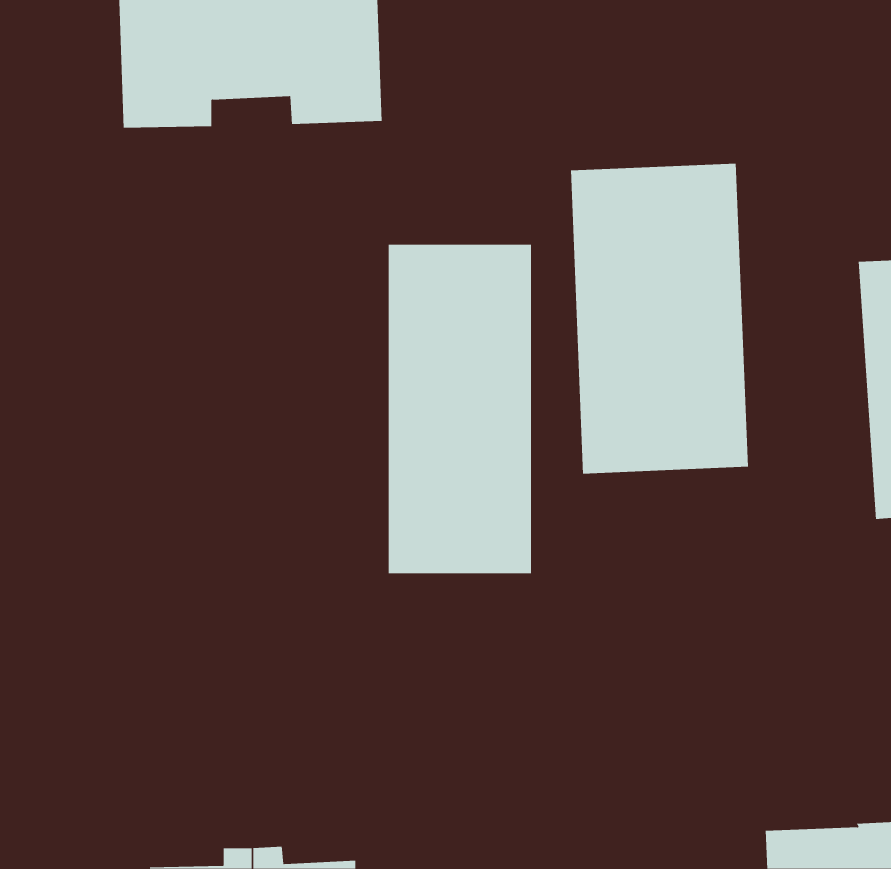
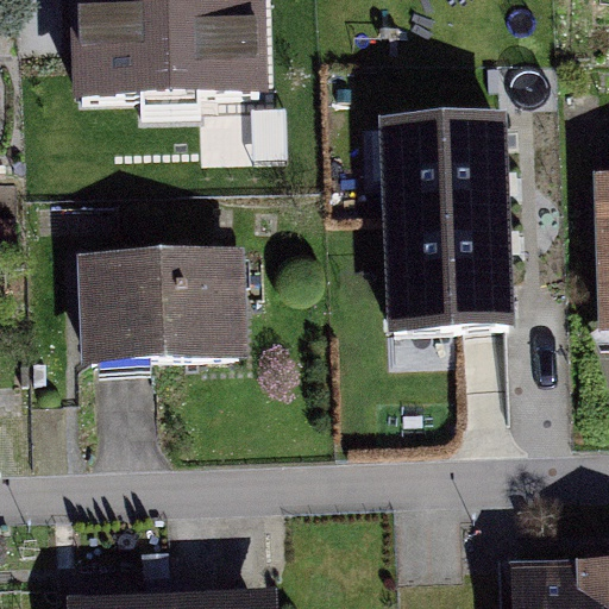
building: [388,244,532,574] -> none
building: none -> [71,252,240,365]

